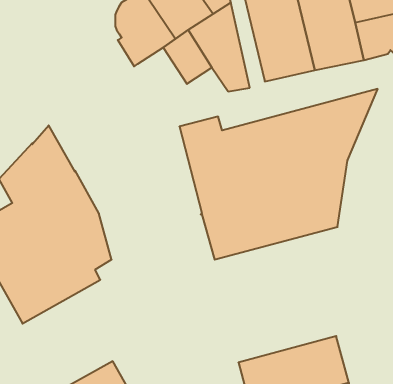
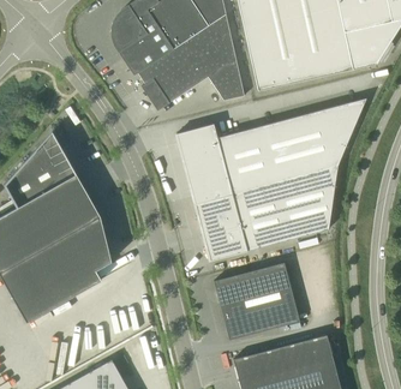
building: none -> [137,58,184,110]
building: none -> [214,262,300,341]

